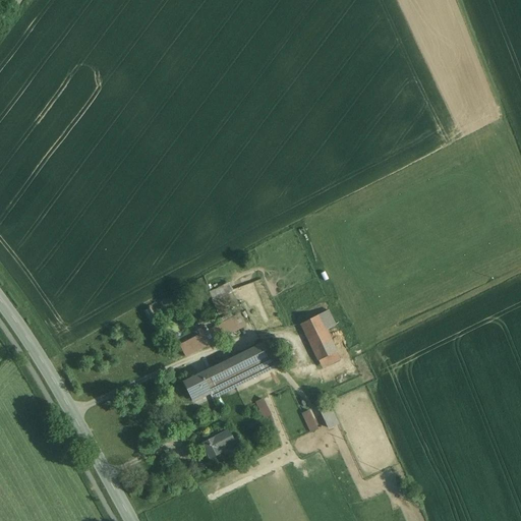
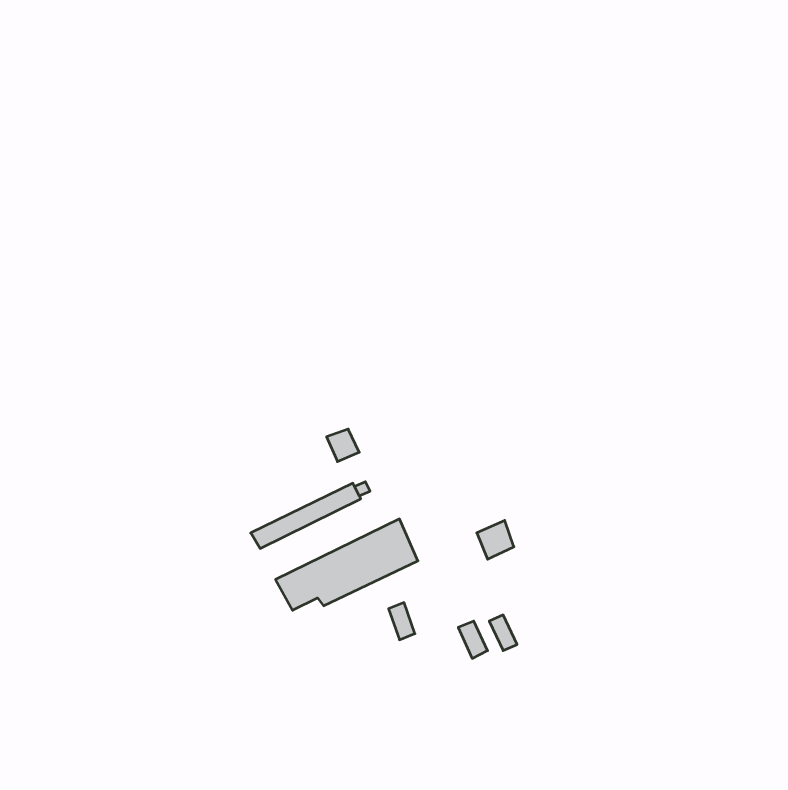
building: [301,316,332,350] -> none
building: [200,430,232,457] -> none

